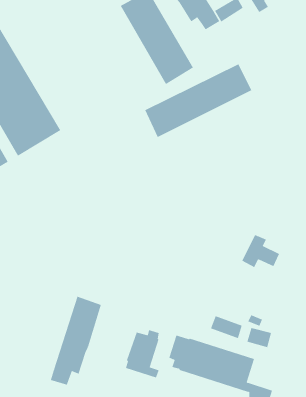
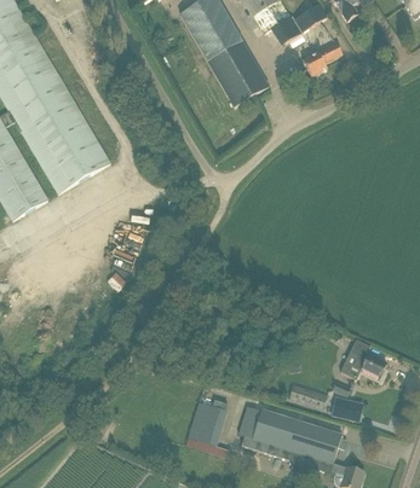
building: none -> [303,42,343,76]
building: [144,63,252,138] -> none
building: [241,235,280,268] -> [340,338,386,378]
building: [50,296,101,386] -> none

